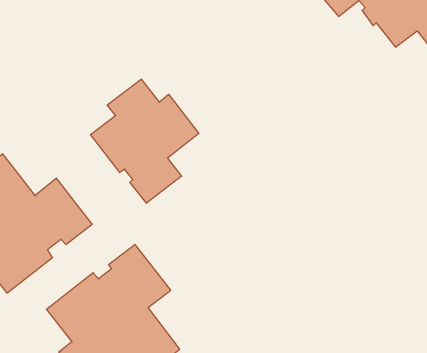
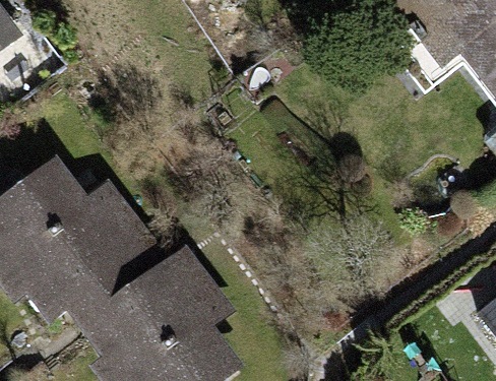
building: [91,79,199,203] -> none

